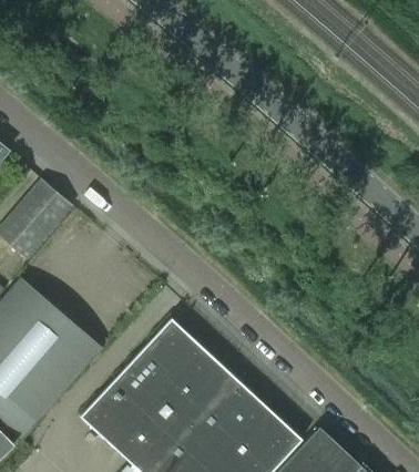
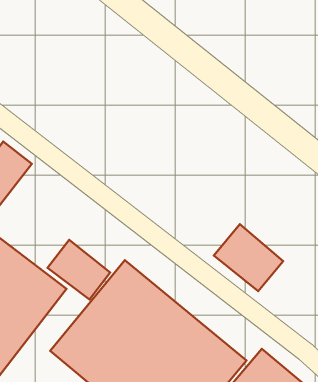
building: none -> [214,224,283,291]
building: none -> [48,240,110,299]

